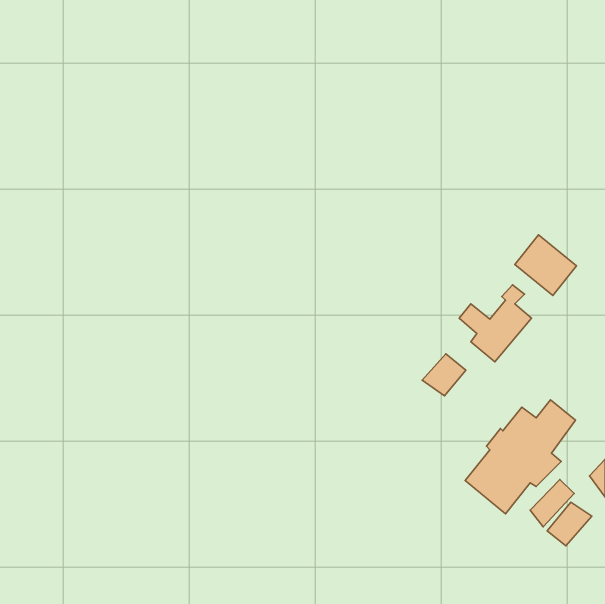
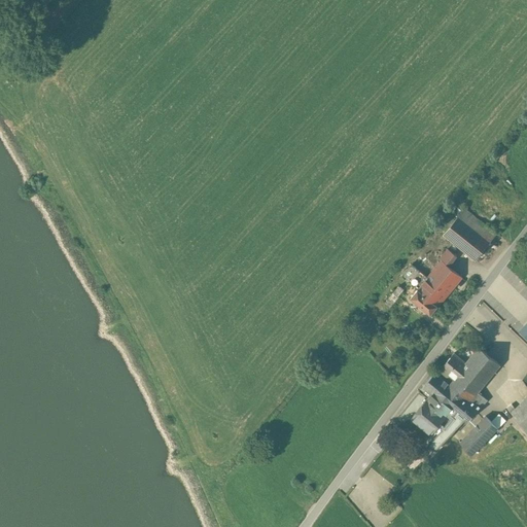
building: [422,354,466,396] -> none
building: [547,502,592,546] -> none

